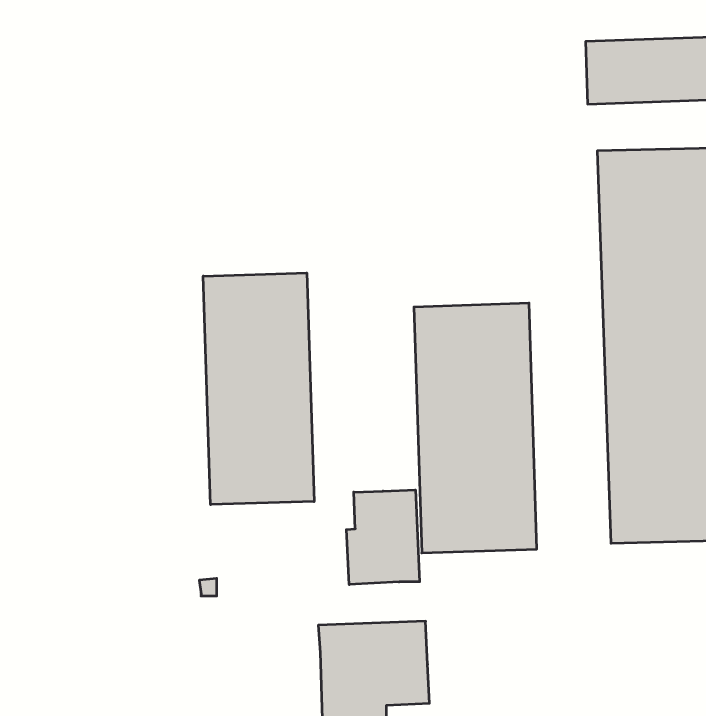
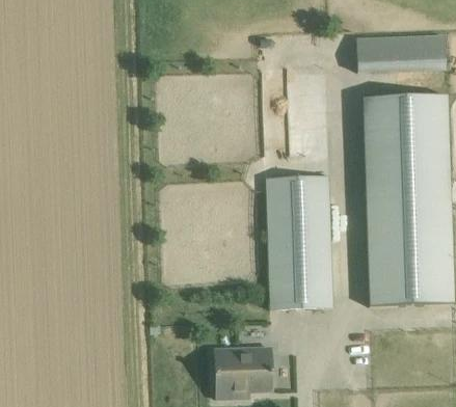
building: [203,273,314,505] -> none
building: [346,490,420,585] -> none

